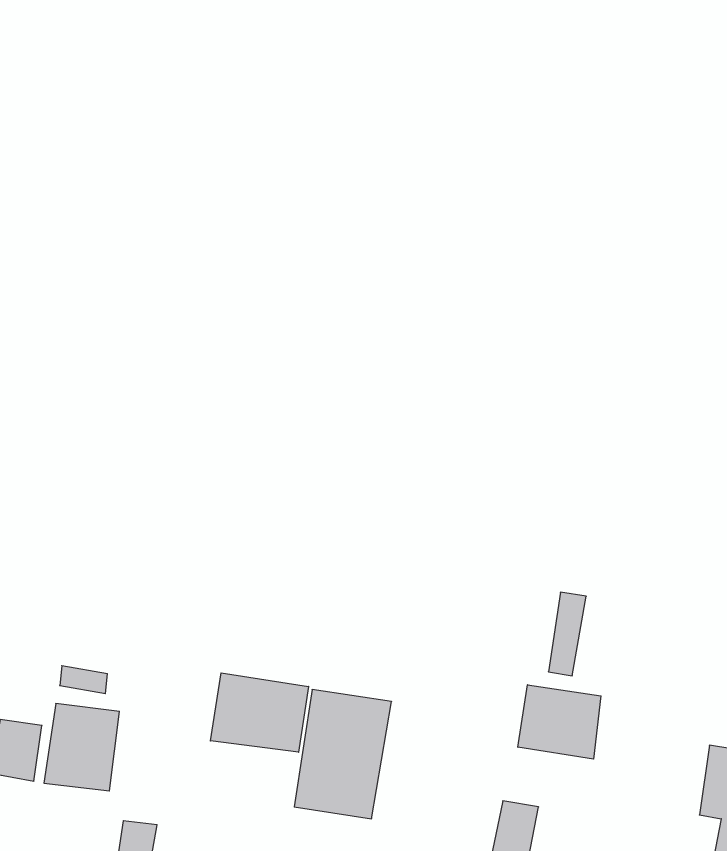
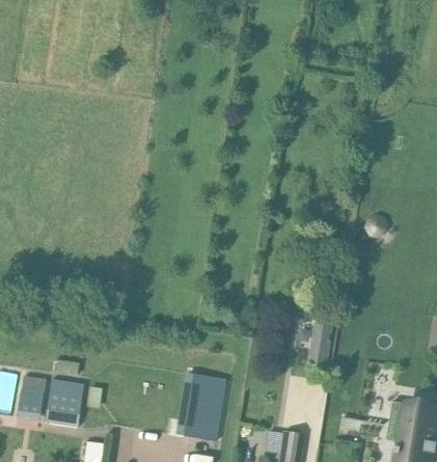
building: [210,673,309,752] -> none
building: [518,685,601,759] -> none

